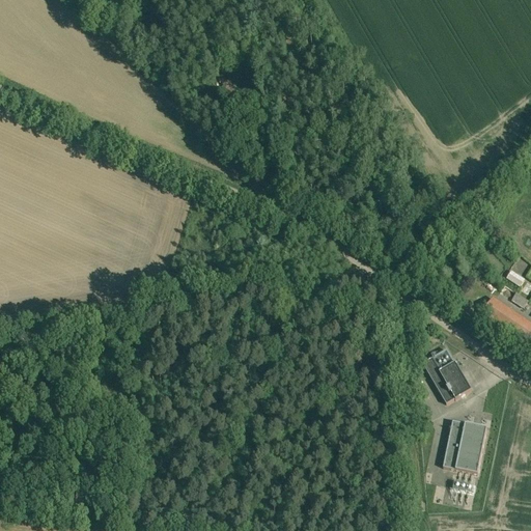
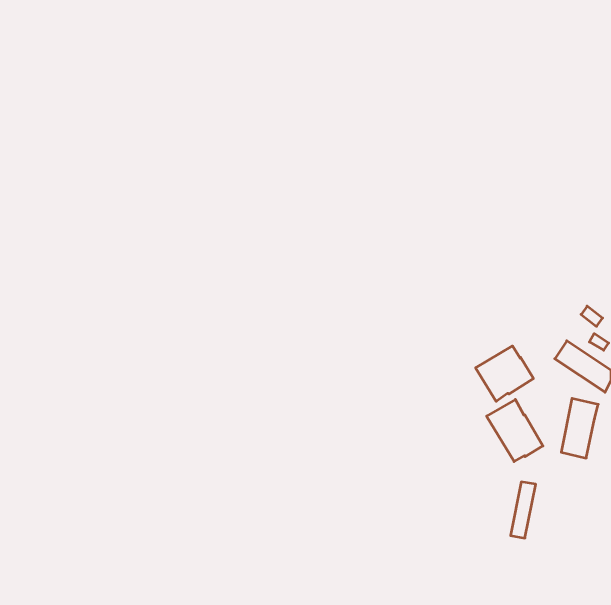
building: none -> [476,346,533,401]
building: [455,420,487,472] -> [561,398,598,458]

